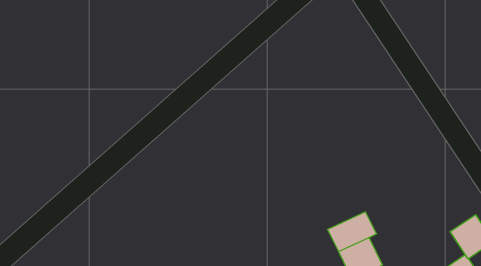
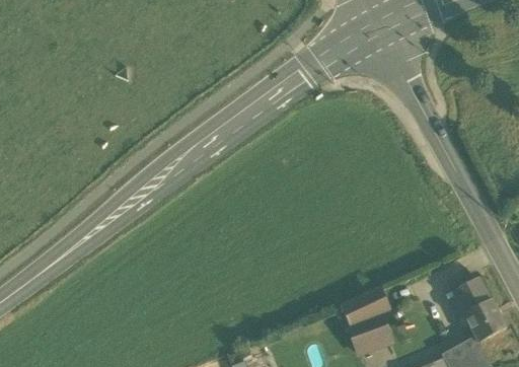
building: none -> [452,279,491,315]

